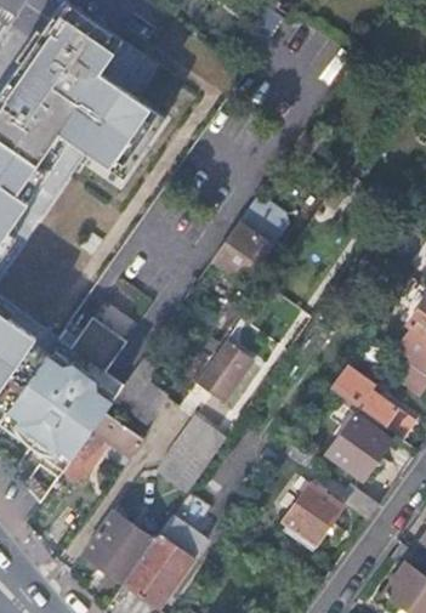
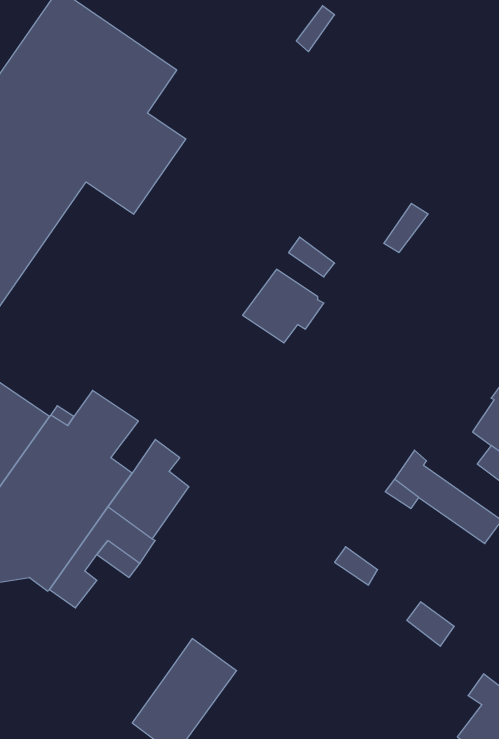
building: [195,337,256,402] -> none
building: [157,411,228,493] -> none
building: [328,414,392,478] -> none
building: [285,482,342,543] -> none
building: [85,509,155,580] -> none

